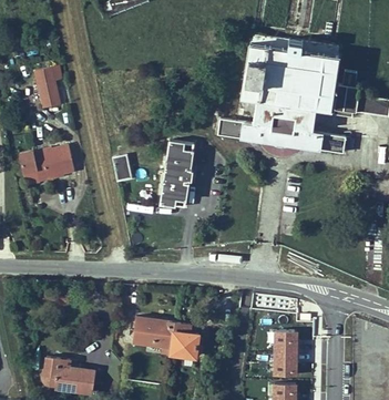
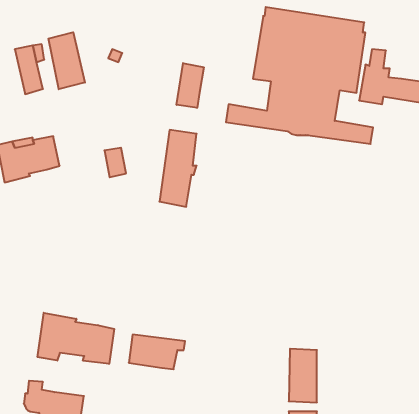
building: none -> [48,32,85,89]
building: none -> [177,63,204,108]
building: none -> [38,313,114,364]
building: [172,331,199,357] -> none

